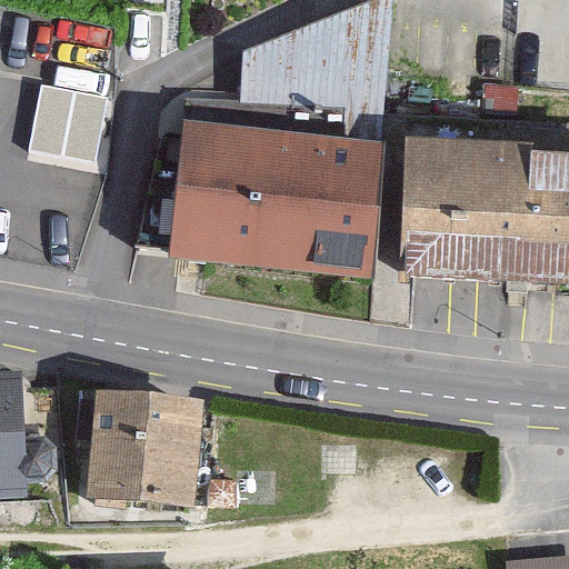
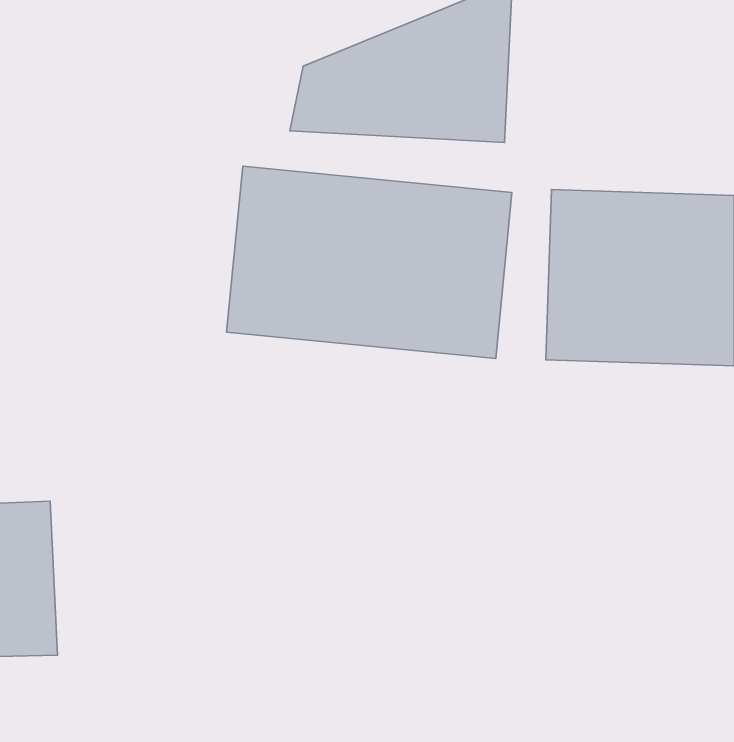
building: [26,77,97,147] -> none
building: [89,392,193,501] -> none

